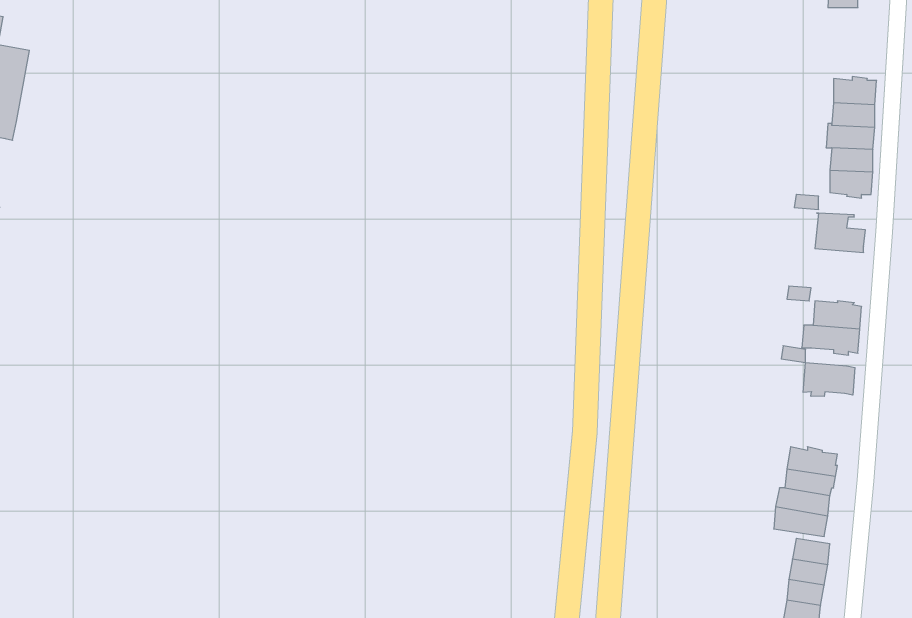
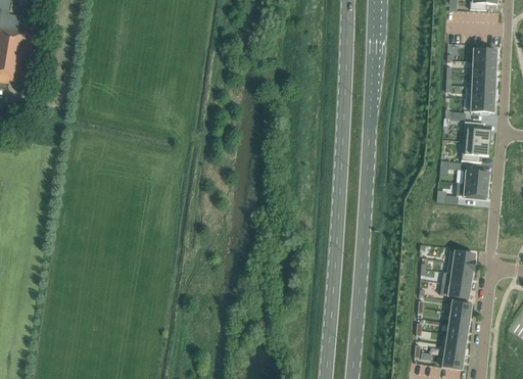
building: none -> [461,141,489,162]
building: [803,363,855,396] -> none

